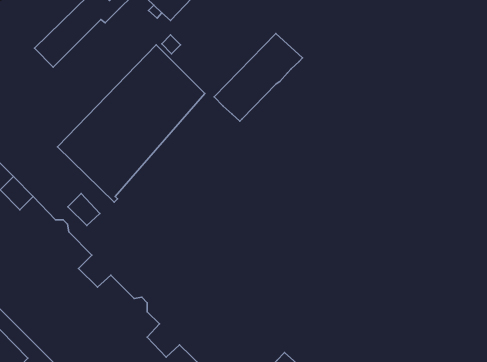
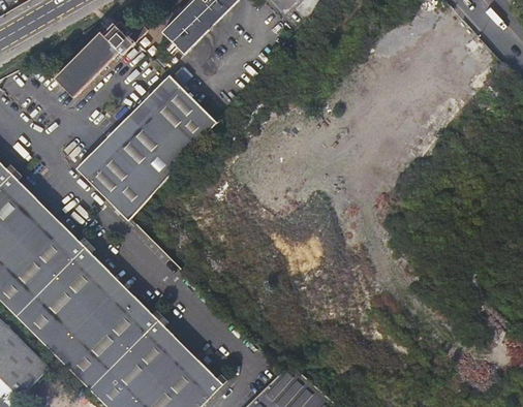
building: [214,33,302,121] -> none
building: [68,193,100,226] -> [97,273,127,303]
building: none -> [161,337,191,368]

